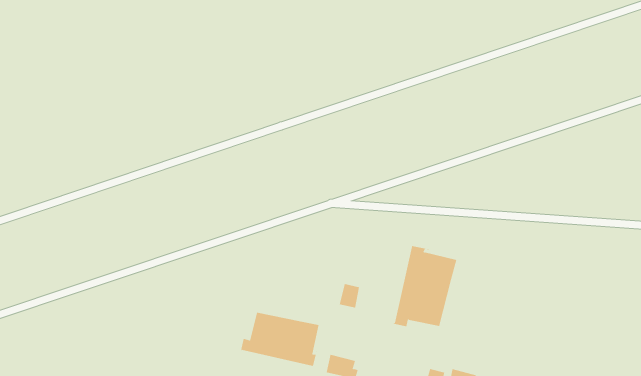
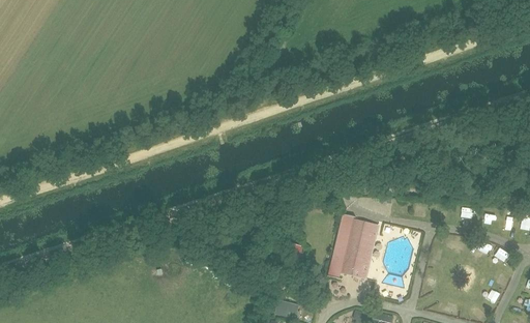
building: [240,312,319,367] -> none

